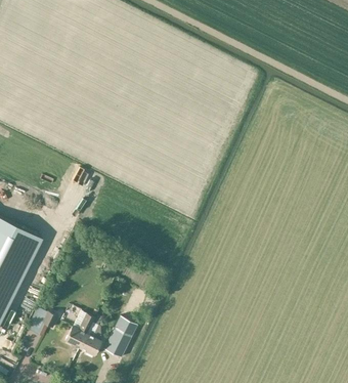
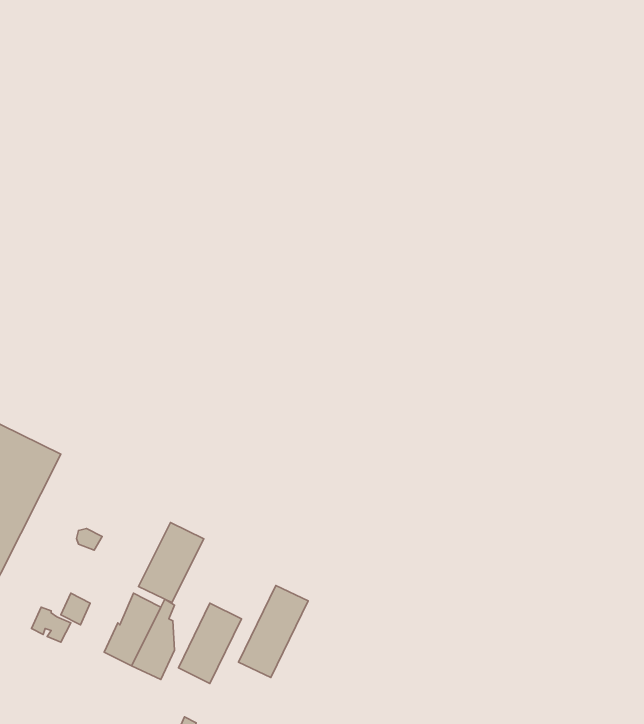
building: none -> [138,523,204,603]
building: none -> [239,586,308,677]

